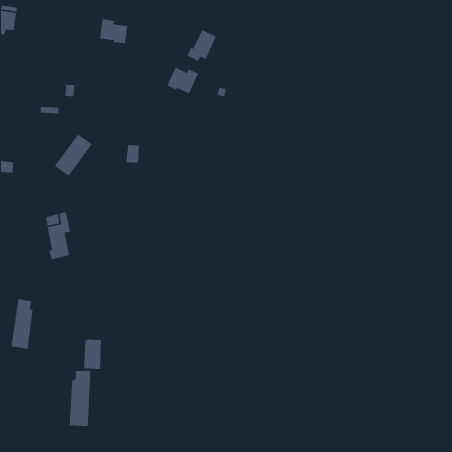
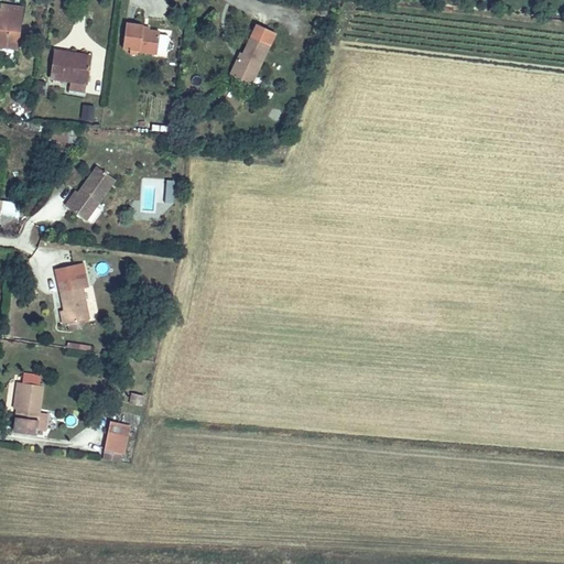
building: none -> [53,51,90,79]
building: [166,66,199,94] -> none
building: [69,370,91,427] -> none

